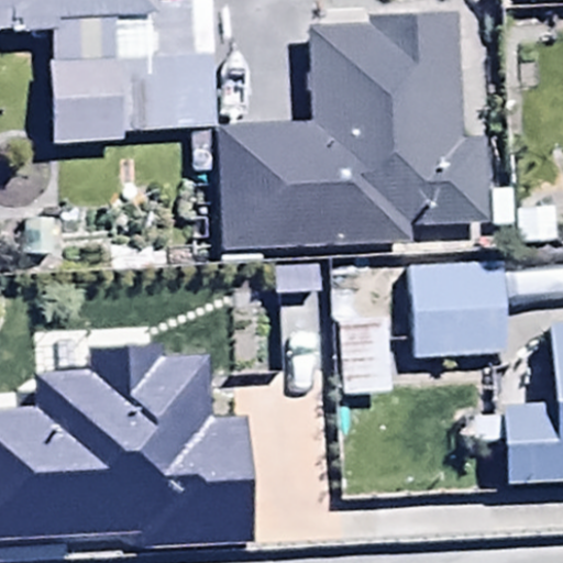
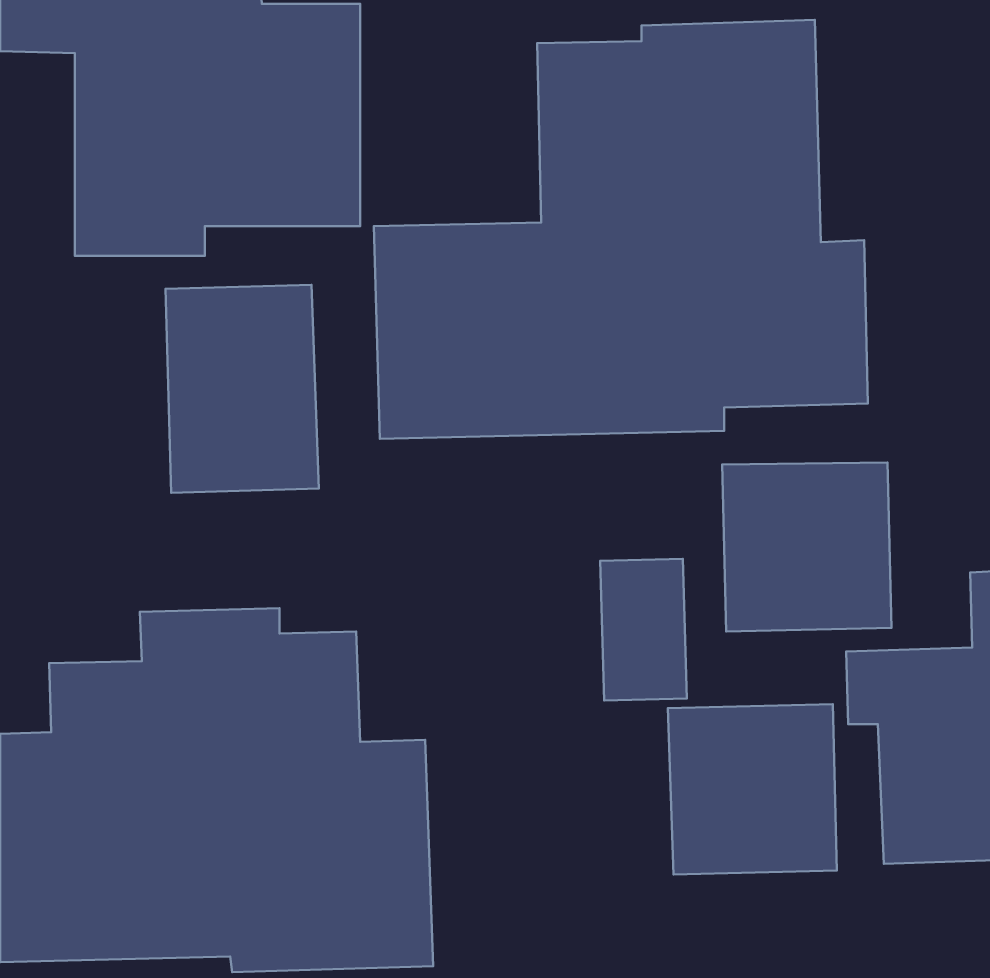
building: none -> [166,285,319,493]
building: none -> [668,704,837,875]

